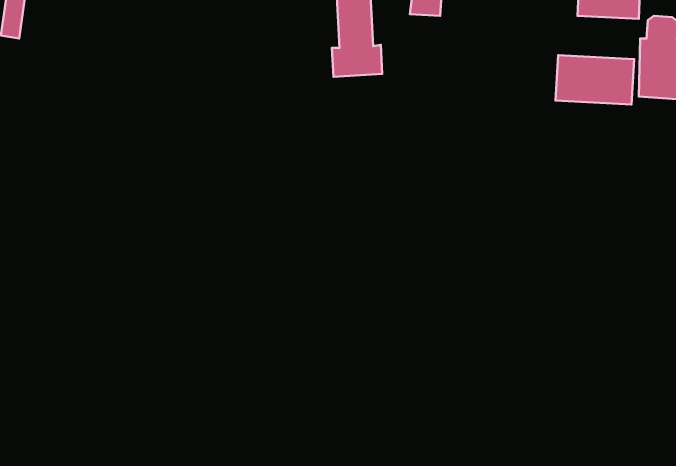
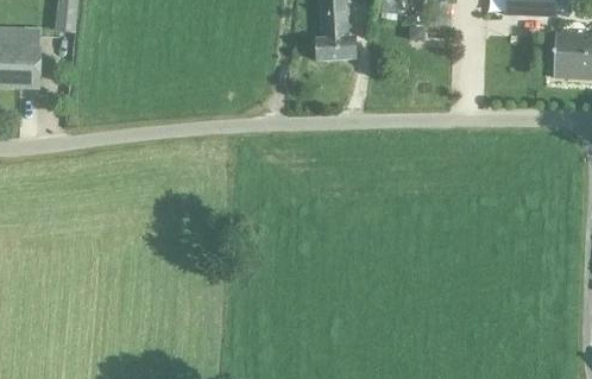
building: [556,55,634,104] -> none

